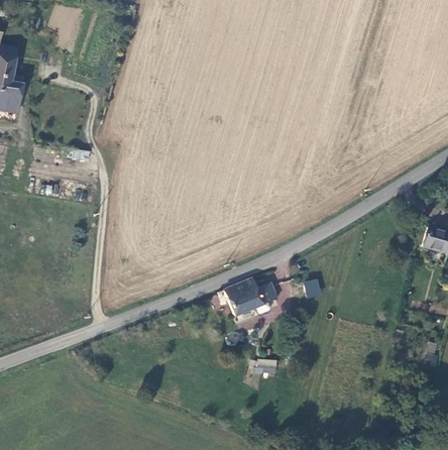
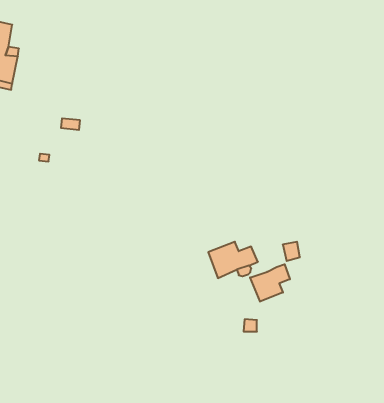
building: none -> [250,264,290,302]

